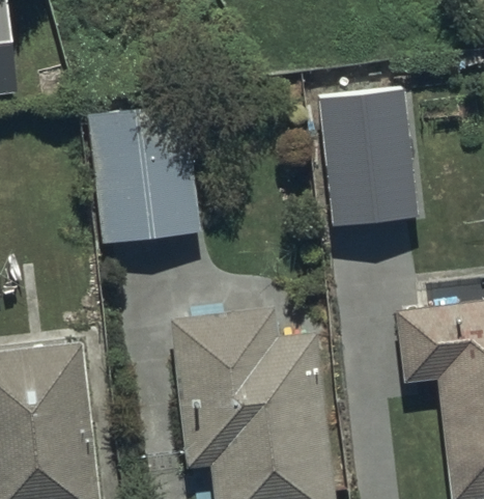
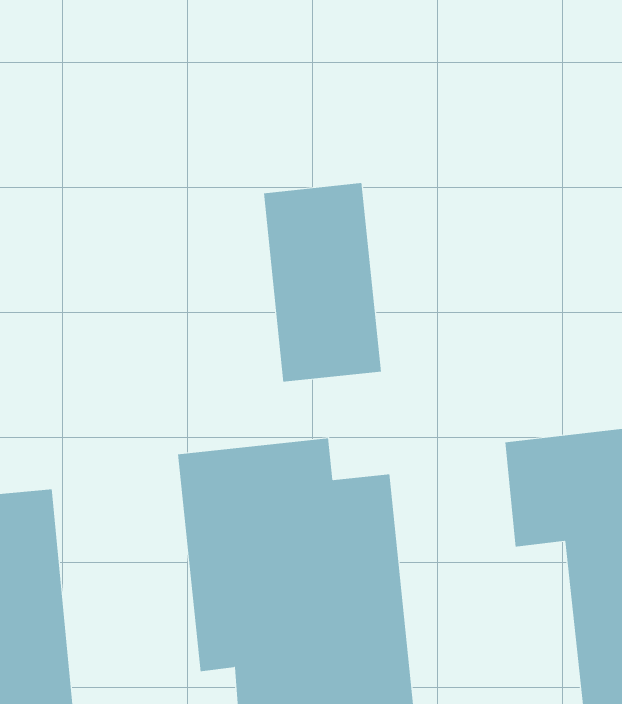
building: [308,77,390,215] -> [263,183,382,382]
building: [88,107,203,247] -> none

